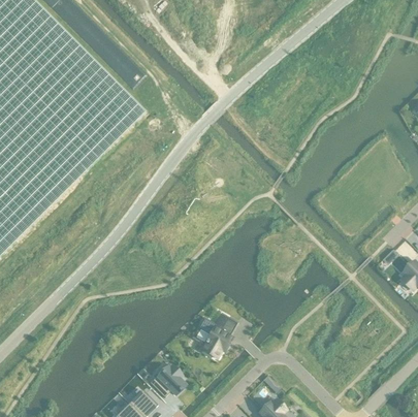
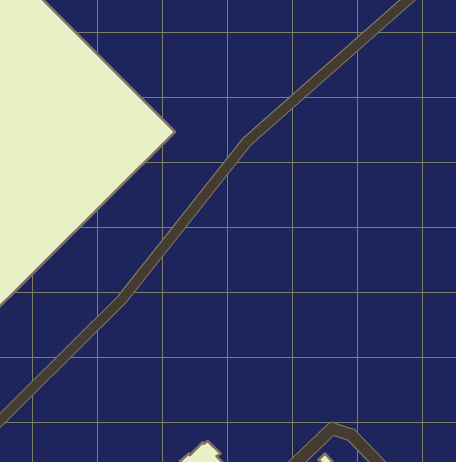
building: [199,313,232,357] -> none

